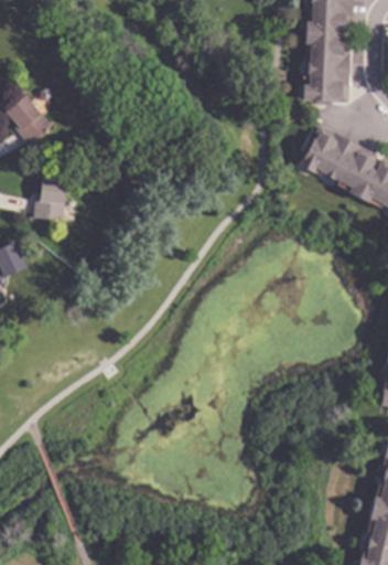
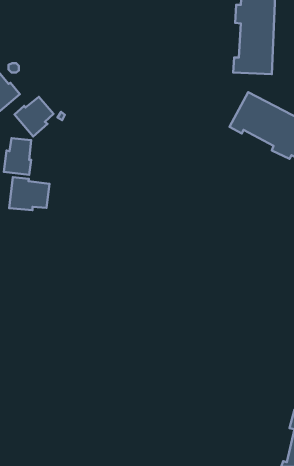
building: none -> [14,97,53,137]
building: none -> [9,177,50,210]

